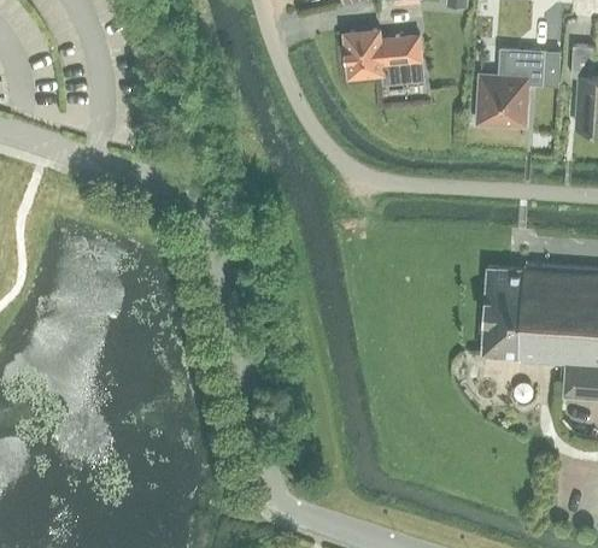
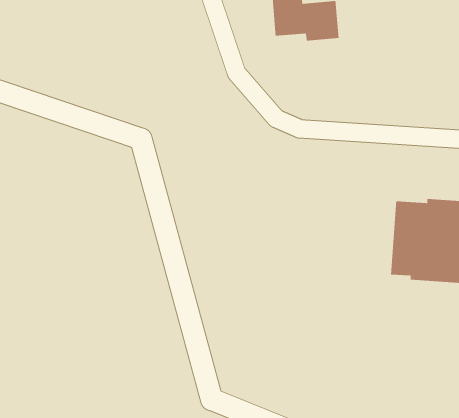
building: [477,51,544,126] -> none

